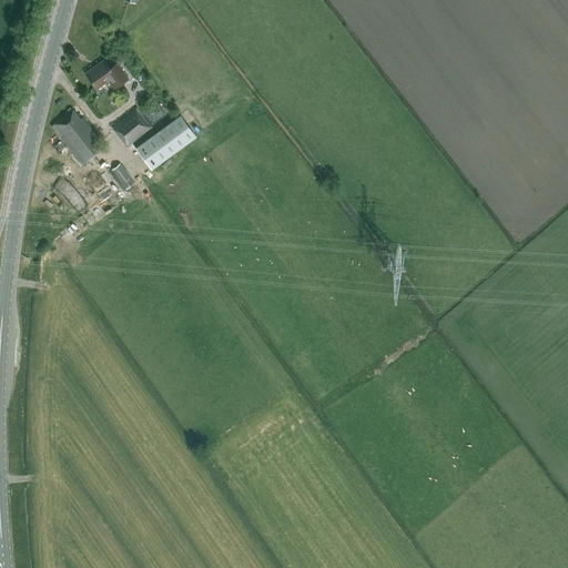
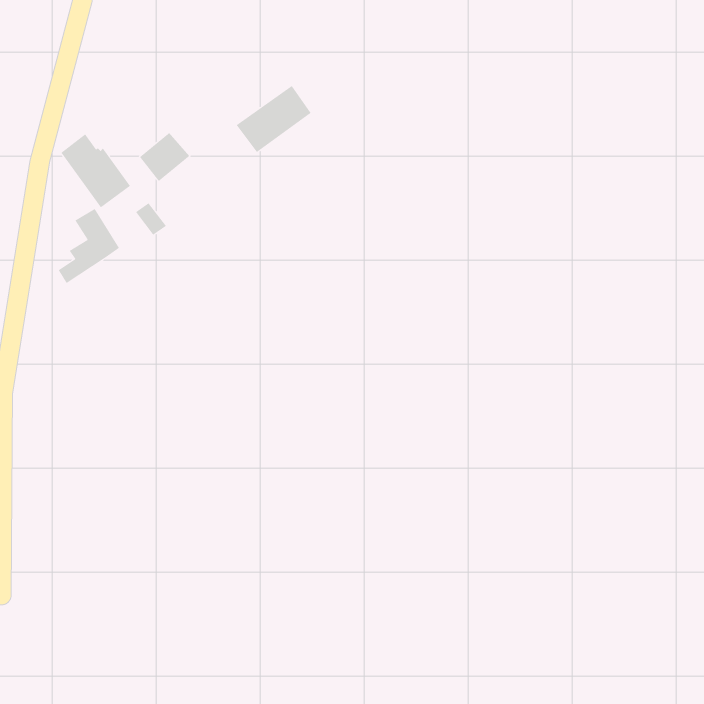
building: [84,59,129,90] -> none
building: [135,114,196,169] -> [236,85,312,153]

